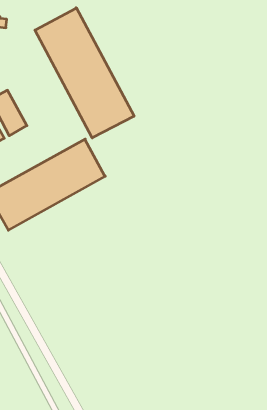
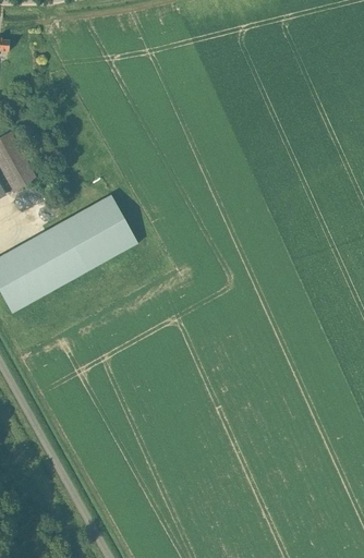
building: [35,8,134,138] -> none

